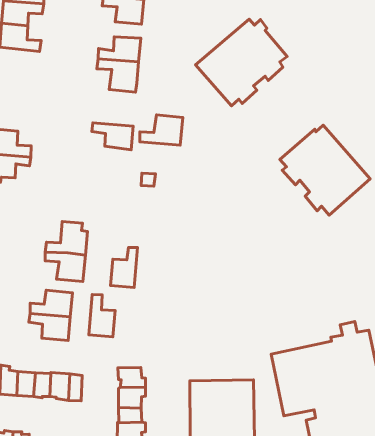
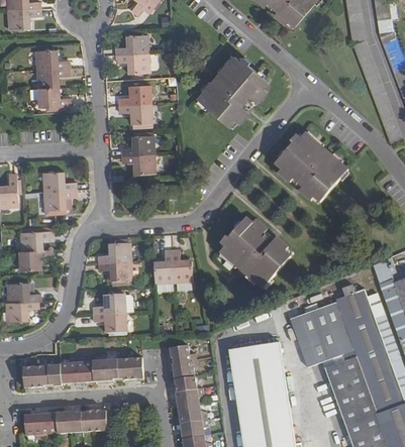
building: [140,115,183,145] -> [120,132,154,156]
building: none -> [218,218,290,289]
building: [89,295,115,337] -> [171,249,192,283]

